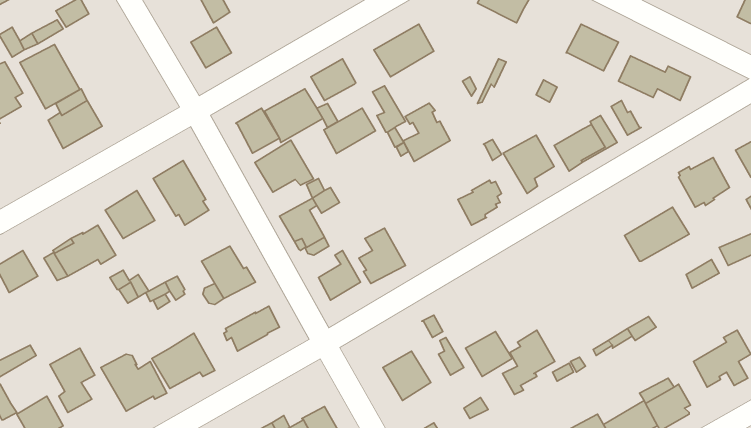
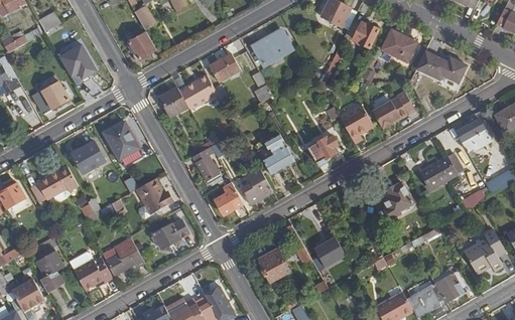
building: none -> [345,19,379,48]
building: [20,44,80,109] -> [55,41,96,85]
building: [404,103,450,162] -> [263,135,294,174]
building: [324,108,376,154] -> none
building: [255,140,313,192] -> none
building: [502,330,555,395] -> [378,182,413,225]

